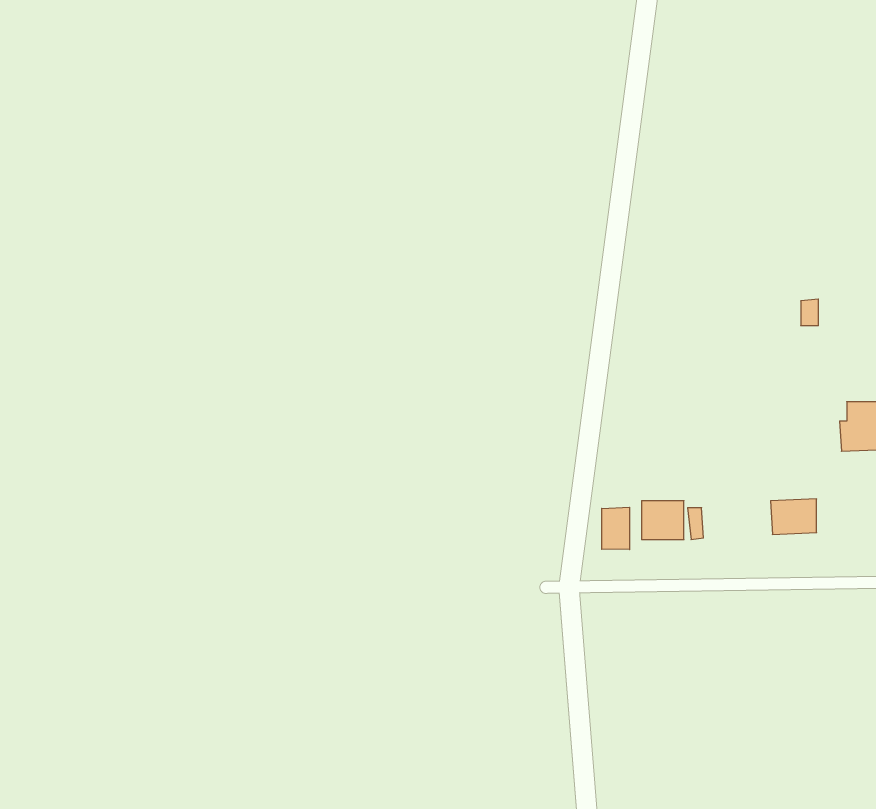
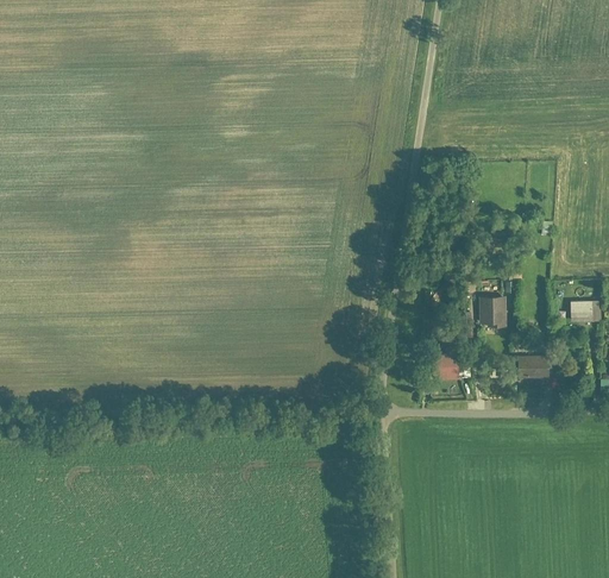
building: none -> [483,299,504,326]
building: [602,507,630,550] -> none

